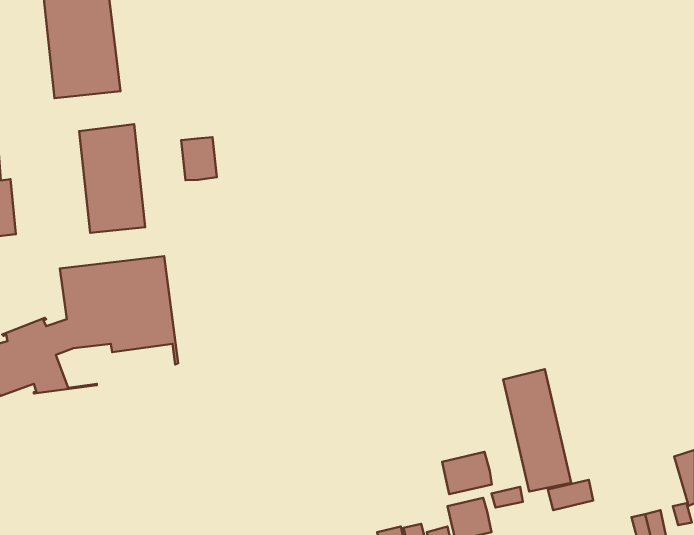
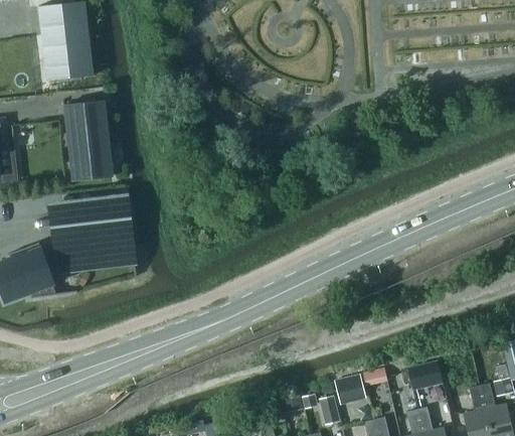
building: [181,137,217,180] -> none
building: [503,369,571,491] -> none
building: [442,452,492,494] -> none

